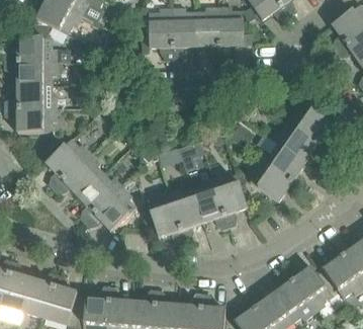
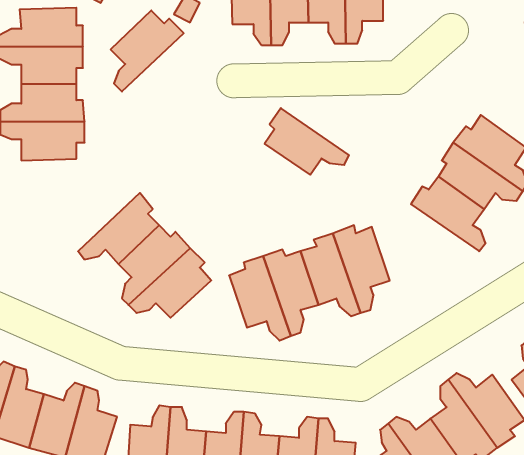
building: [47,139,92,189] -> [111,10,184,92]
building: [251,160,303,201] -> [265,108,349,175]

